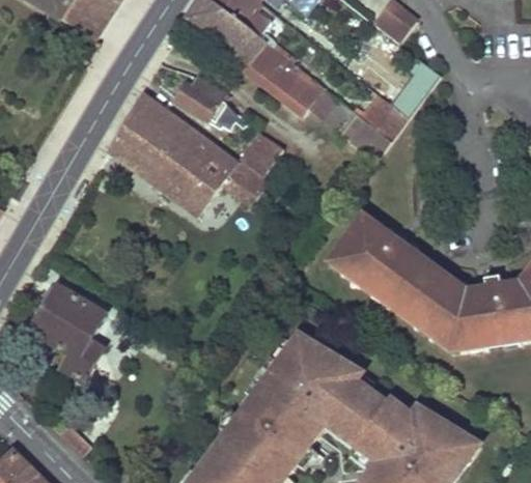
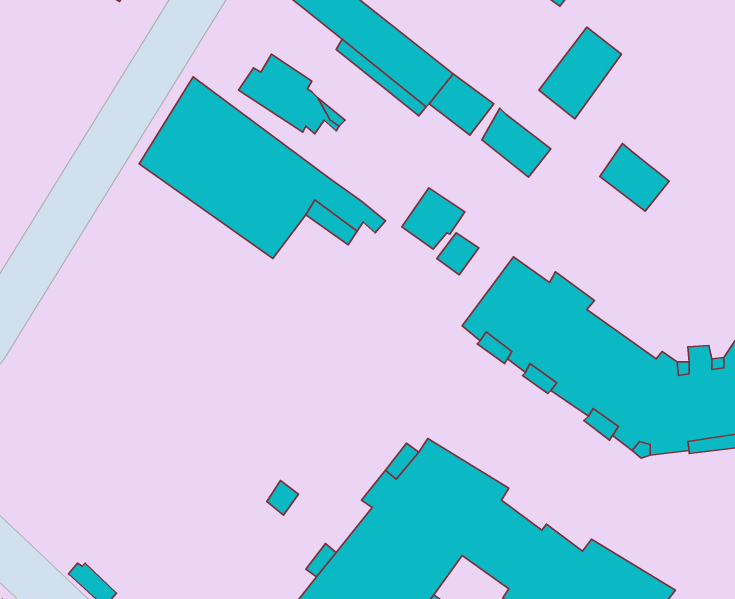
building: [360,92,408,139] -> [600,144,669,211]
building: [239,133,282,175] -> [402,188,465,249]
building: [29,286,106,381] -> none

